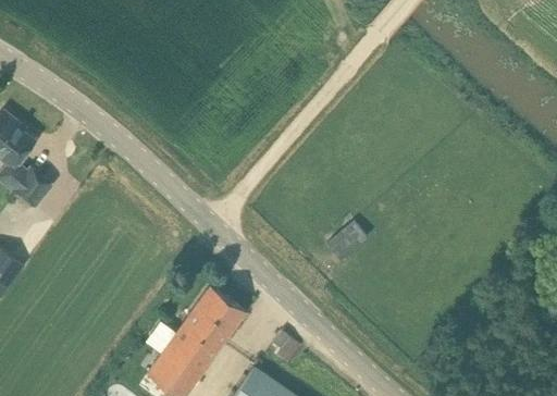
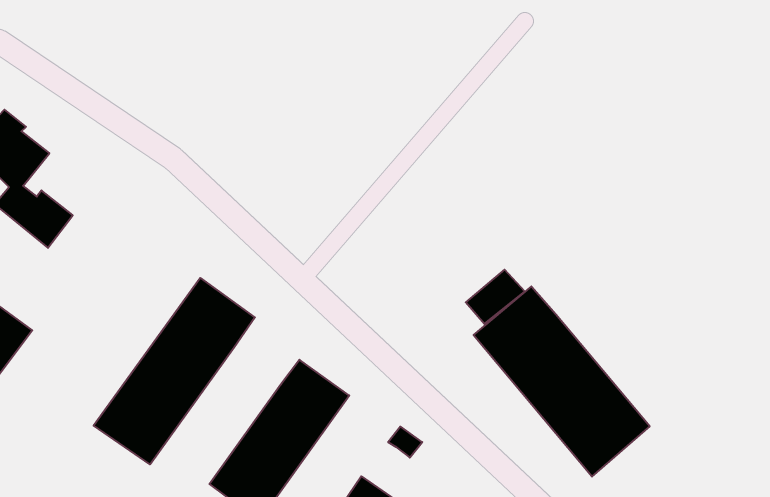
building: none -> [94,278,255,464]
building: none -> [474,286,650,477]

